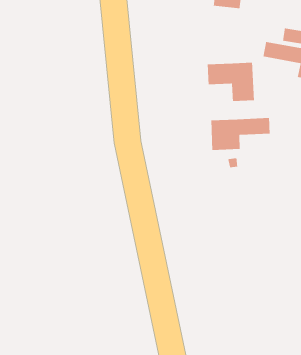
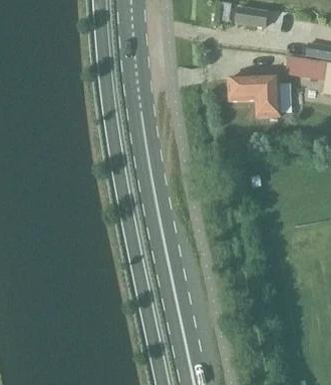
building: [210,117,270,151] -> none

